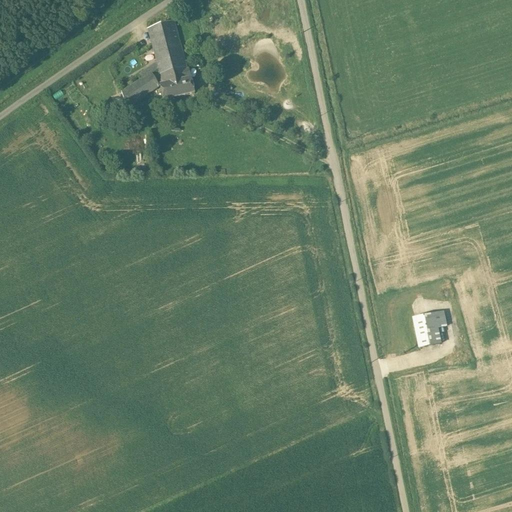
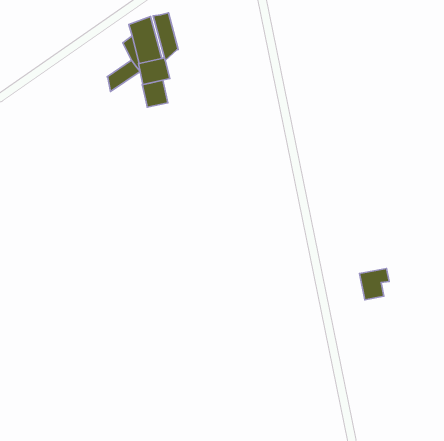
building: none -> [153,13,178,60]
building: none -> [142,80,168,107]

